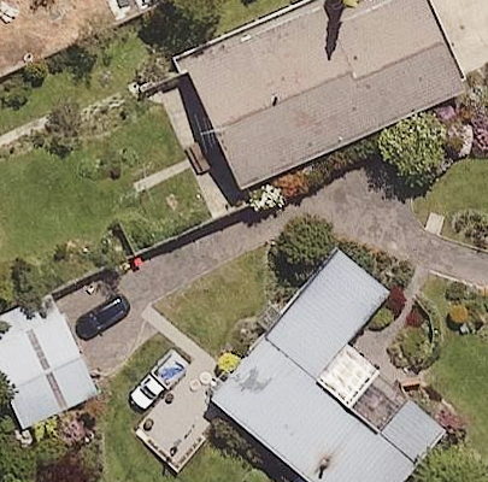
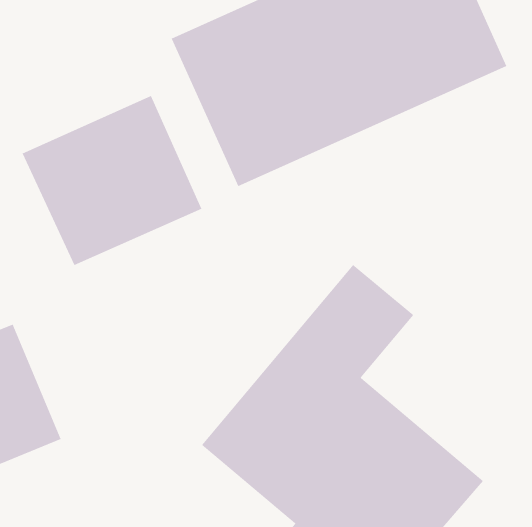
building: none -> [22,95,202,266]

